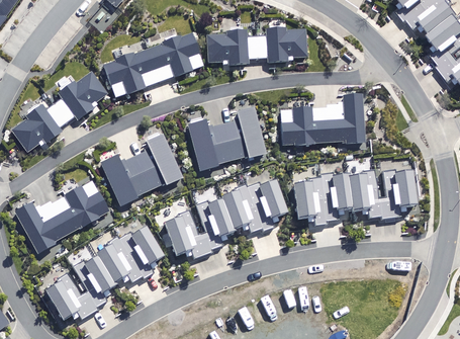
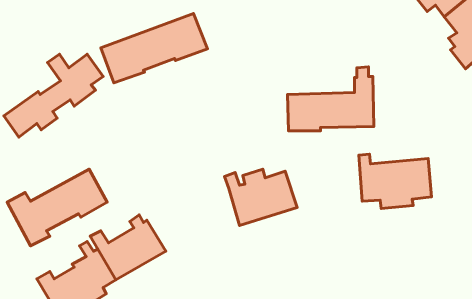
building: [205,29,304,66] -> none
building: [188,109,264,171] -> none
building: [95,136,182,205] -> none
building: [295,167,351,222] -> none
building: [164,199,235,258] -> none

